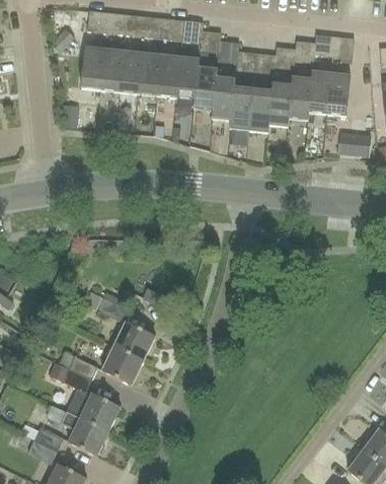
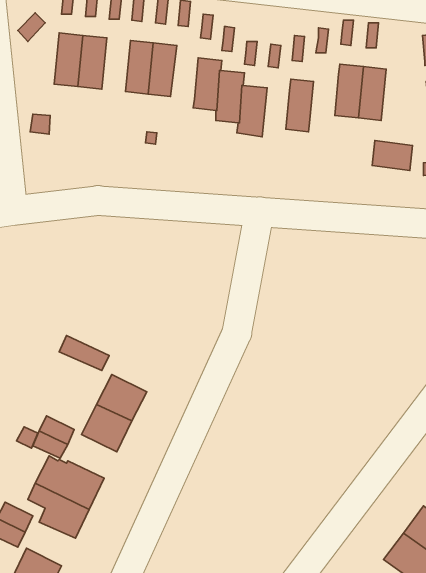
building: [120,49,143,92] -> none
building: [175,55,199,98] -> none
building: [288,76,311,120] -> none
building: [249,89,272,131] -> none

